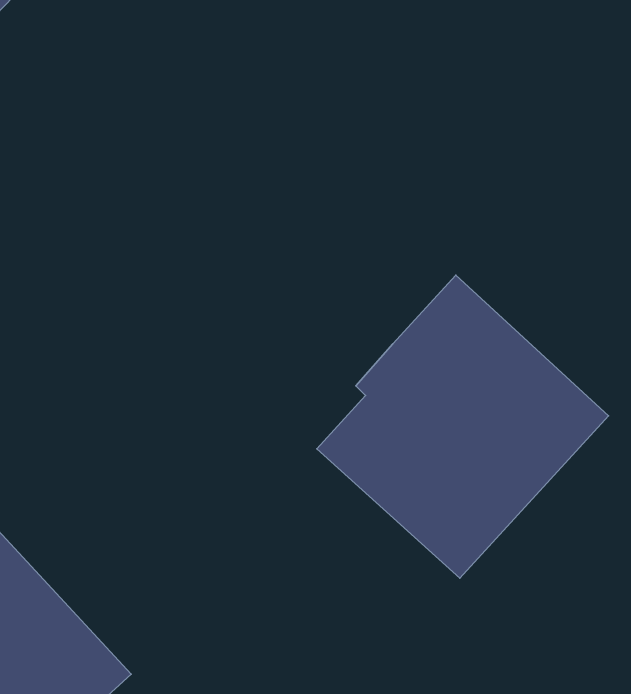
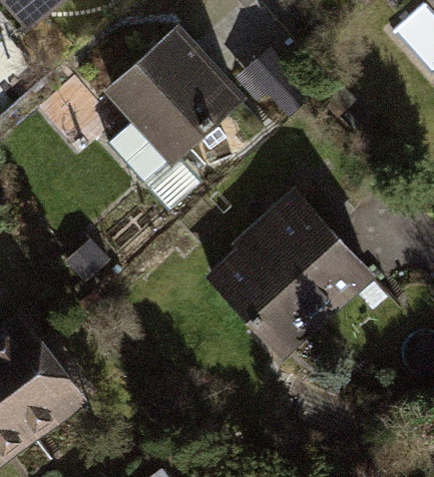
building: none -> [103,27,245,168]

